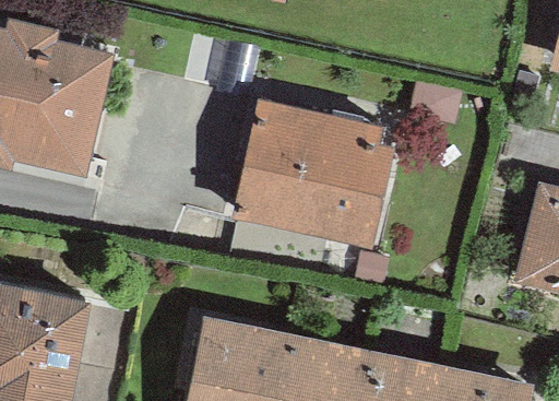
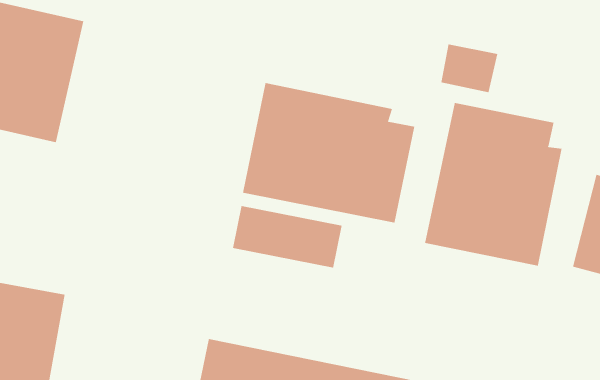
building: none -> [424,102,562,267]

